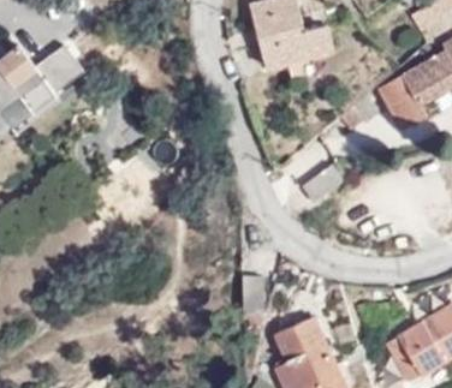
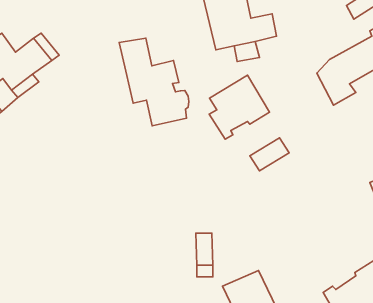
building: none -> [119,38,189,126]
building: none -> [209,75,270,139]

